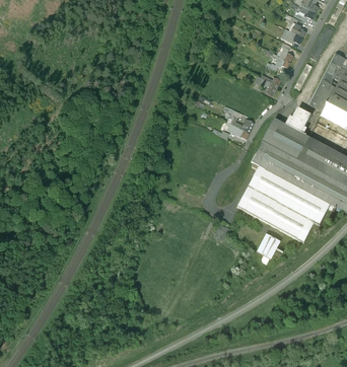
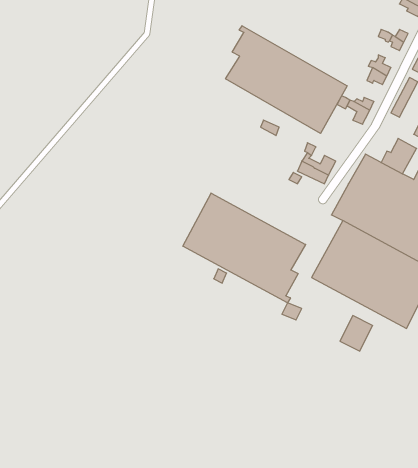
building: none -> [226,26,347,133]
building: none -> [183,193,306,303]

